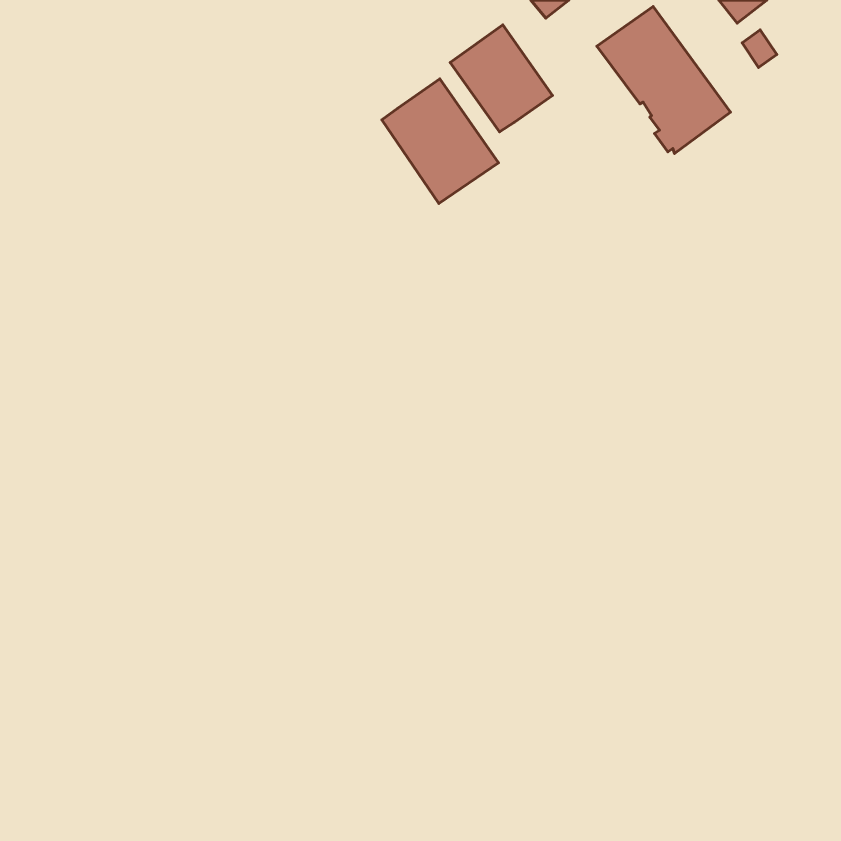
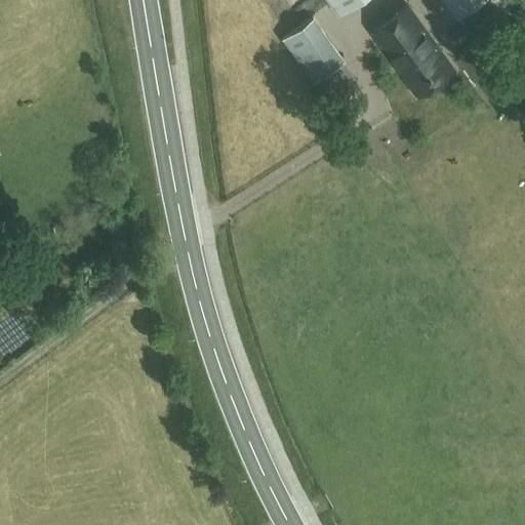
building: [382,79,499,203] -> none

